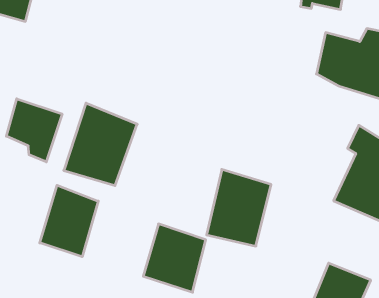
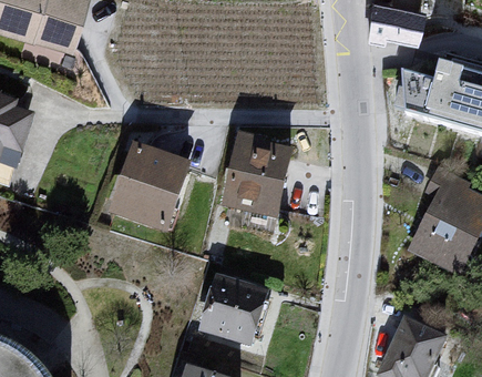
building: [6,99,62,162] -> none
building: [207,169,271,246] -> [224,132,295,216]
building: [40,185,98,257] -> none

